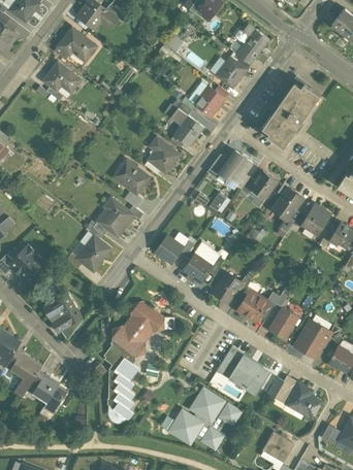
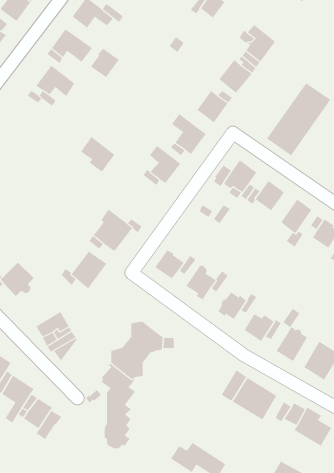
building: none -> [90,48,119,78]
building: [116,159,149,193] -> [80,136,115,172]
building: [194,389,240,432] -> none

